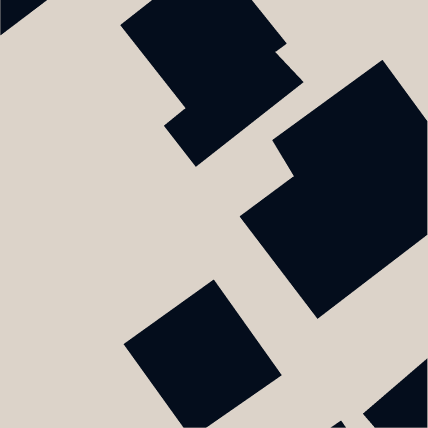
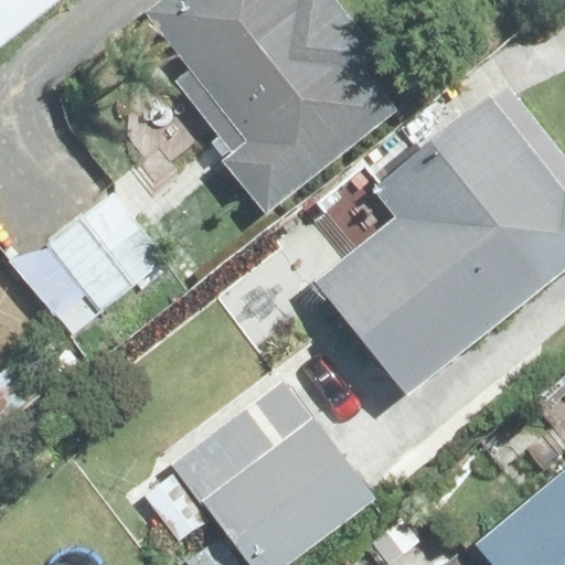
building: none -> [46,182,167,305]

